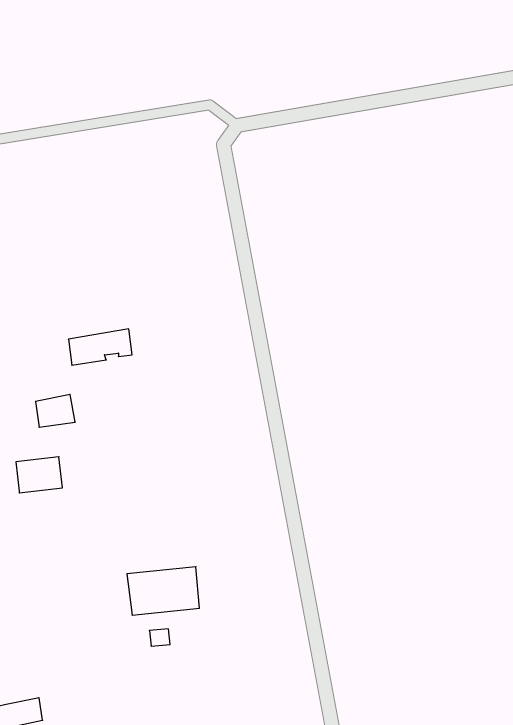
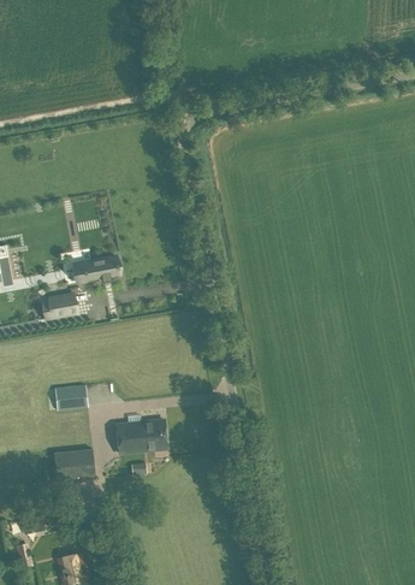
building: [16,457,62,493] -> [53,384,85,409]
building: none -> [53,448,93,480]

